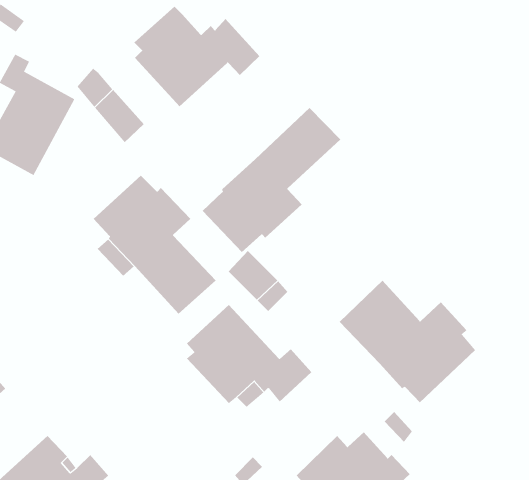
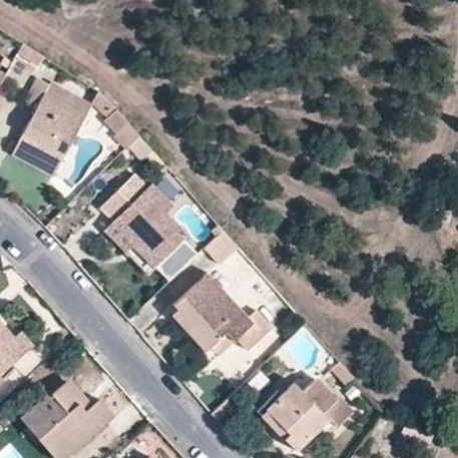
building: [134,6,260,107] -> none
building: [202,107,341,253] -> none
building: [339,280,476,403] -> none

